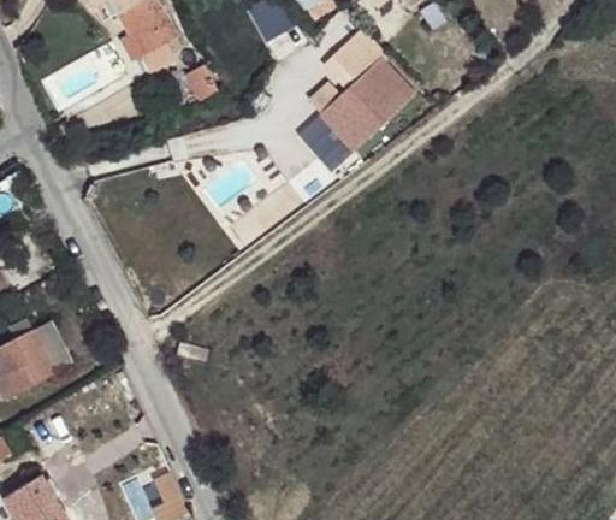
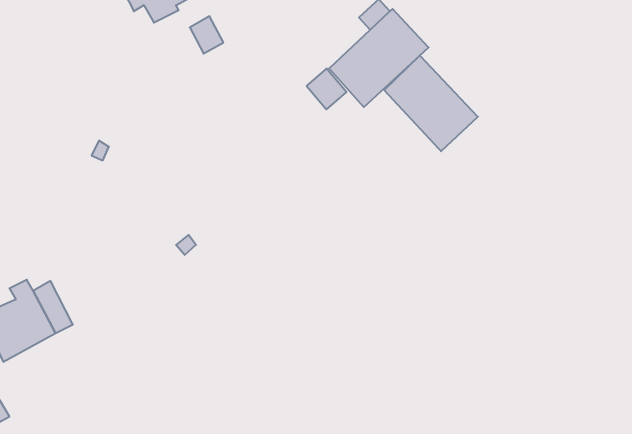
building: none -> [384,55,478,151]

